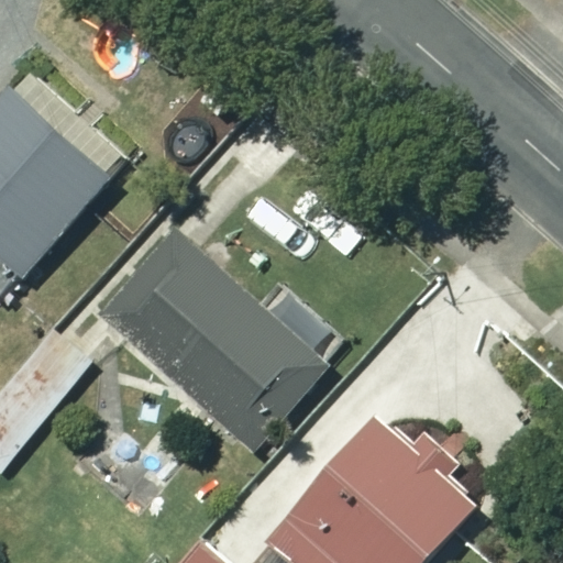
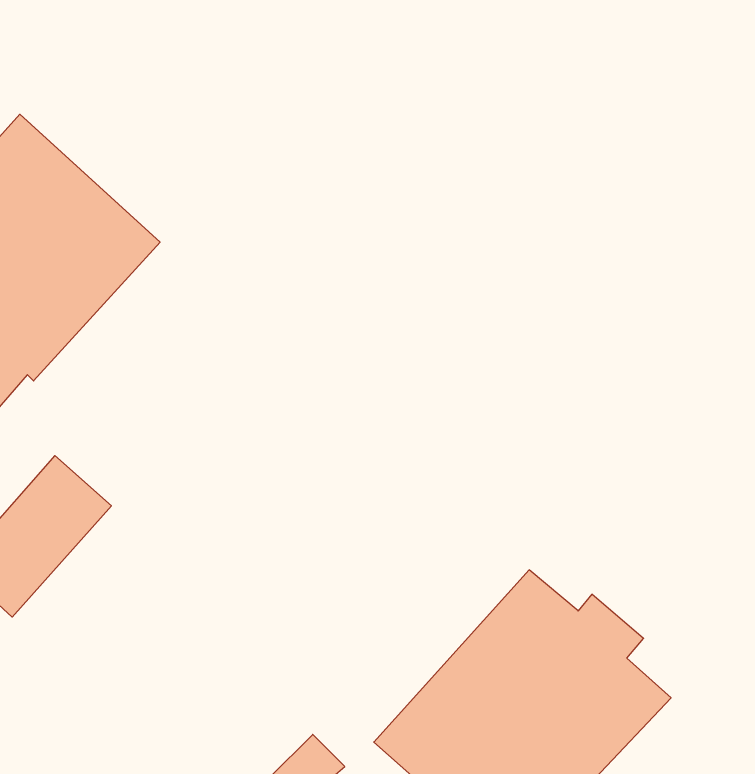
building: [100,228,312,435] -> none

